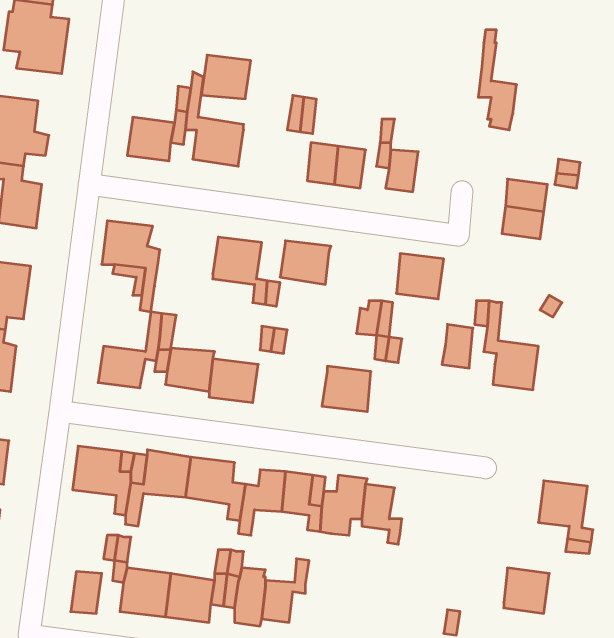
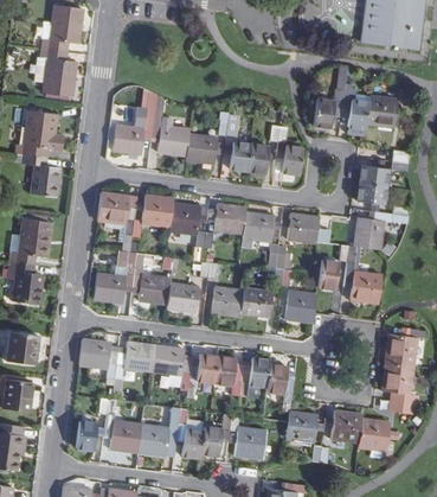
building: none -> [314,65,347,127]
building: [202,55,251,99] -> [186,133,218,161]
building: none -> [365,95,397,127]
building: none -> [131,195,173,235]
building: none -> [354,210,409,248]
building: none -> [240,212,275,248]
building: none -> [212,287,244,316]
building: none -> [287,291,317,321]
building: none -> [385,330,425,365]
building: none -> [330,409,362,441]
building: none -> [287,410,317,442]
building: none -> [230,414,266,458]

